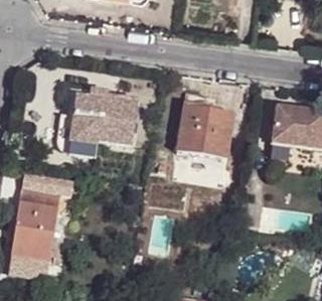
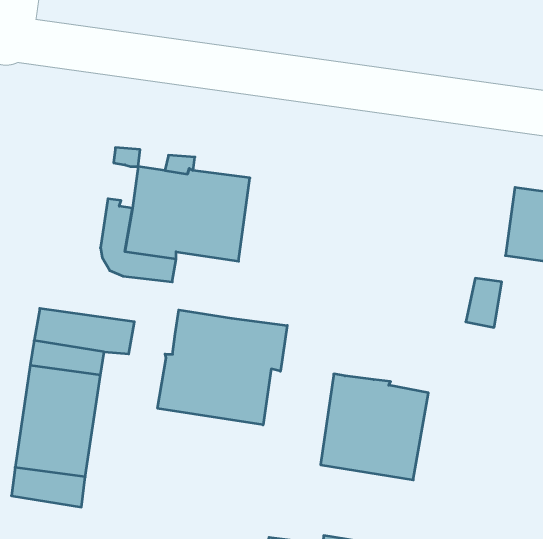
building: [176,107,233,163] -> [321,374,428,480]
building: none -> [158,310,287,425]

